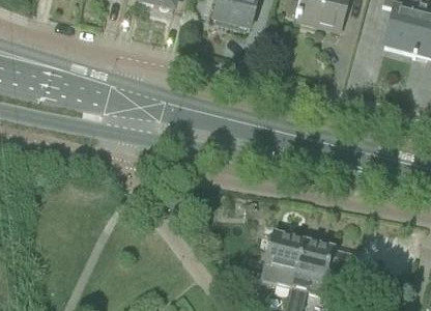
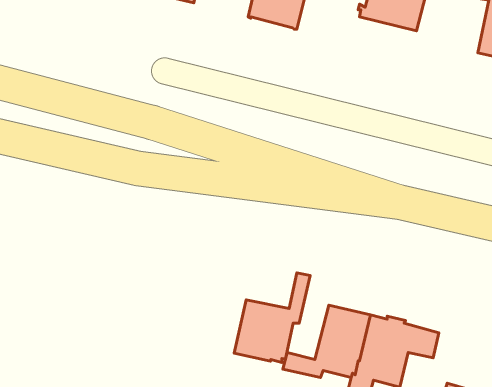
building: none -> [234,273,310,363]

